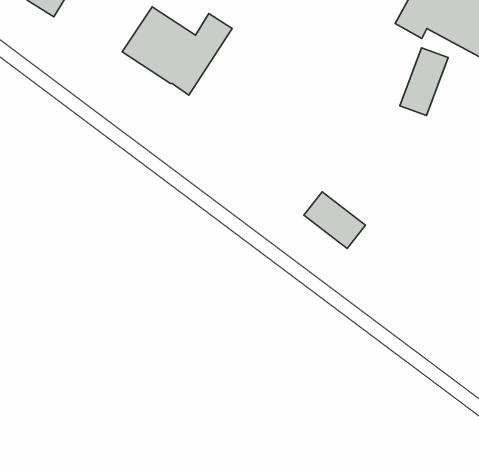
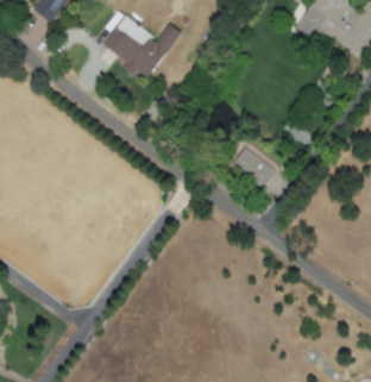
building: [400,48,448,115] -> none

